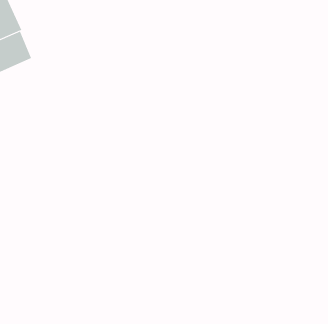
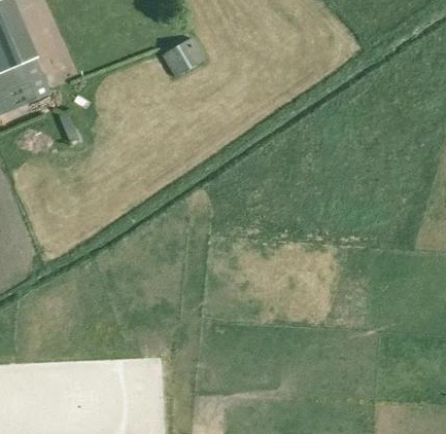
building: none -> [162,37,204,77]

